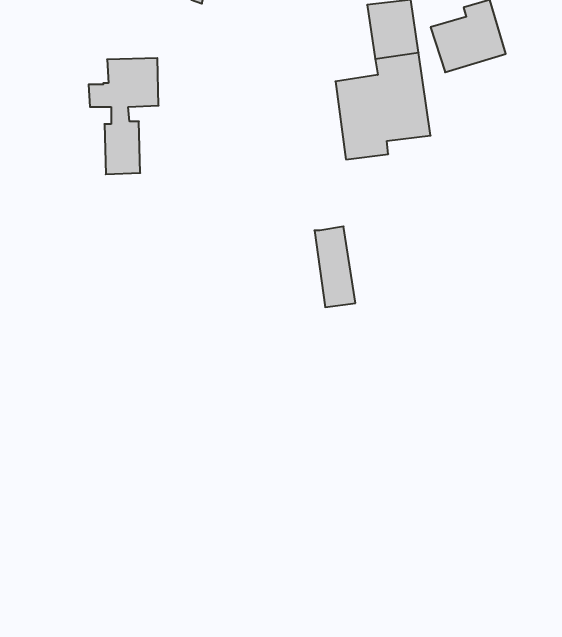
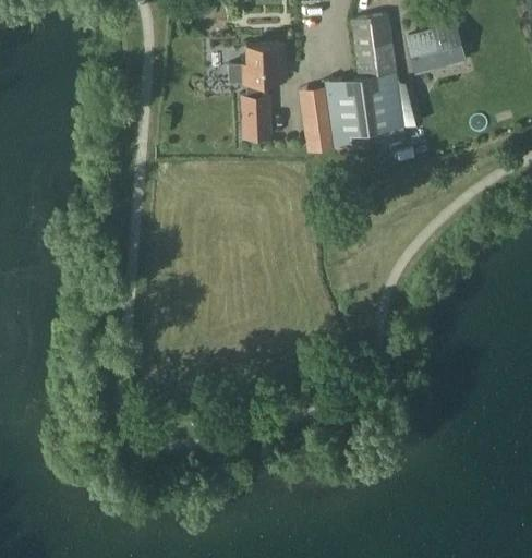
building: [89,58,159,174] -> [228,43,286,138]
building: [314,226,355,307] -> [301,88,335,155]

